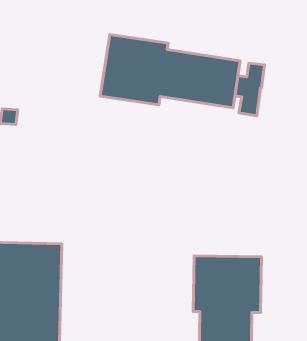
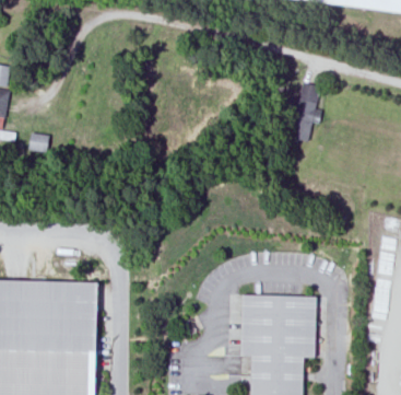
building: [100,34,240,108] -> none

